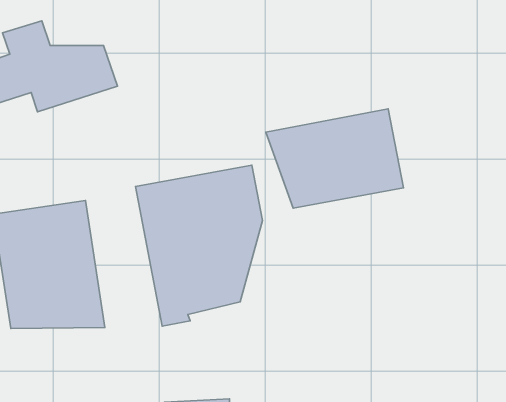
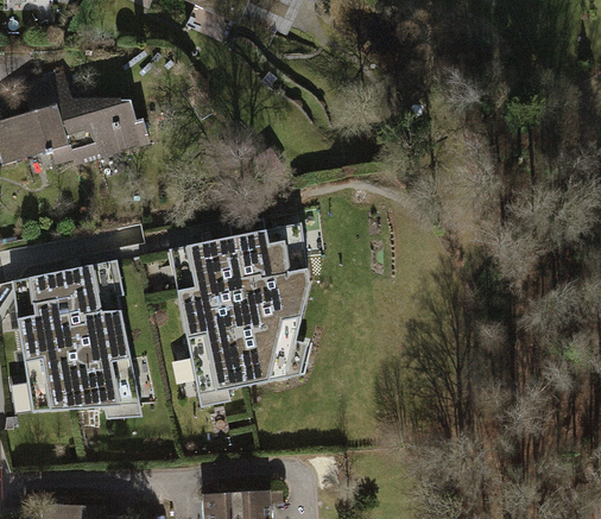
building: [266,109,403,208] -> none

